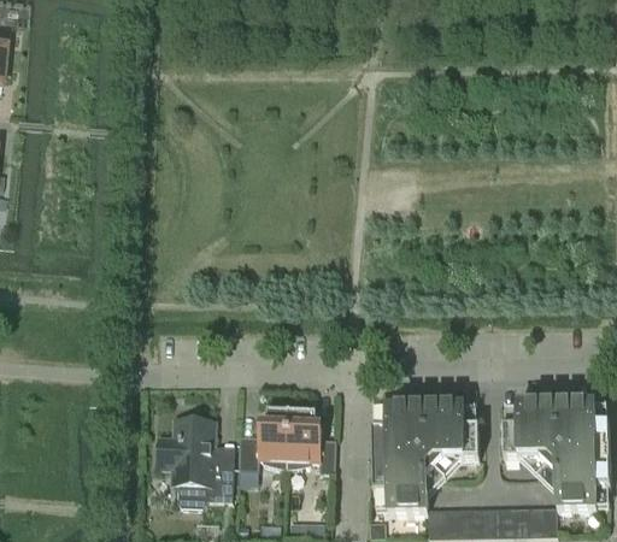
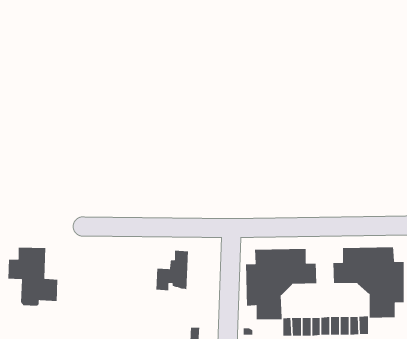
building: [284,408,335,472] -> none
building: [157,418,233,507] -> [7,247,58,307]

